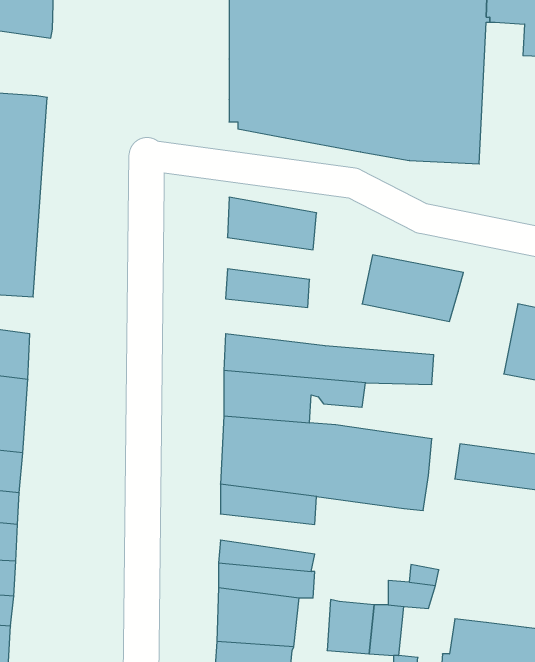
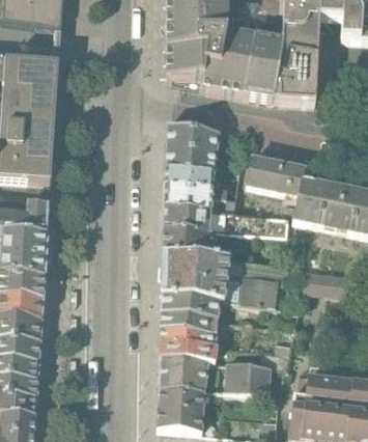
building: none -> [166,146,217,171]
building: none -> [292,178,338,227]
building: none -> [165,183,228,211]
building: none -> [162,310,218,334]

